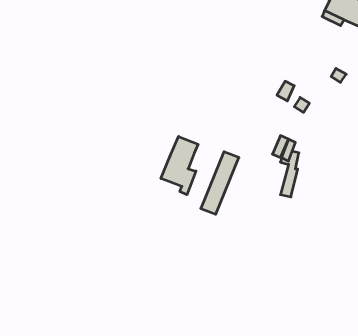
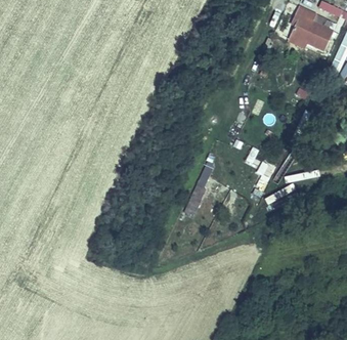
building: [161,136,198,195] -> none

